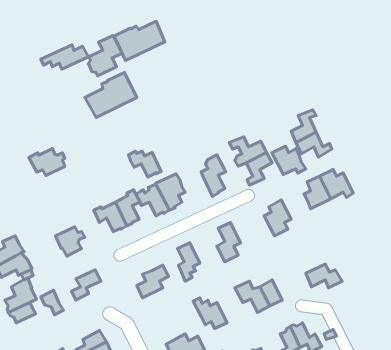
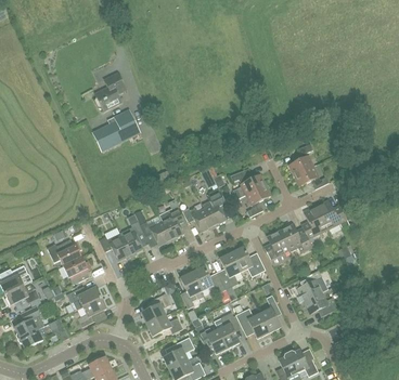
building: [114,21,165,60] -> none
building: [41,45,88,69] -> none
building: [272,146,306,174] -> [280,223,312,250]
building: [29,148,65,175] -> [47,238,81,264]
building: [129,151,161,177] -> [182,207,214,232]
building: none -> [231,246,266,276]
building: none -> [192,265,231,301]
building: none -> [297,268,329,300]
building: none -> [66,286,101,310]
building: none -> [218,311,240,348]
building: none -> [146,314,183,336]
building: none -> [163,336,195,368]

